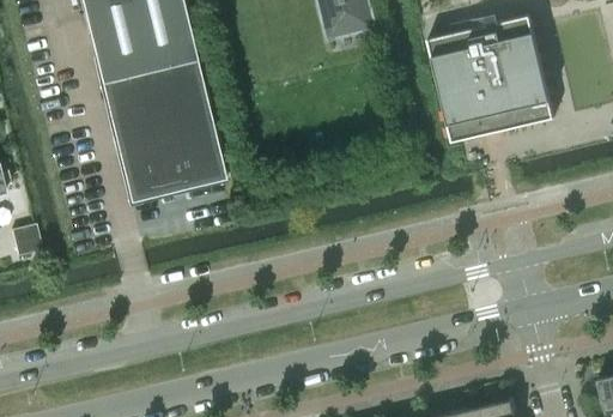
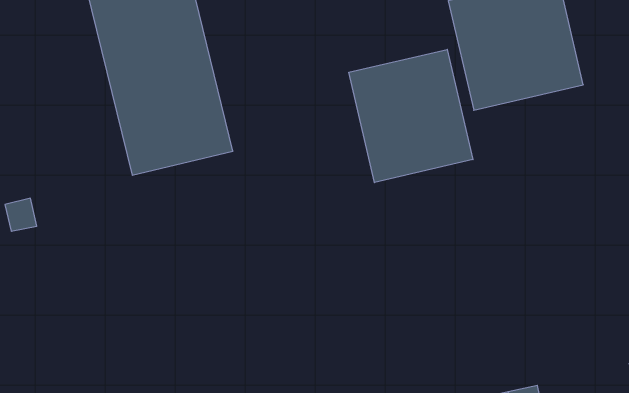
building: none -> [349,49,473,183]

